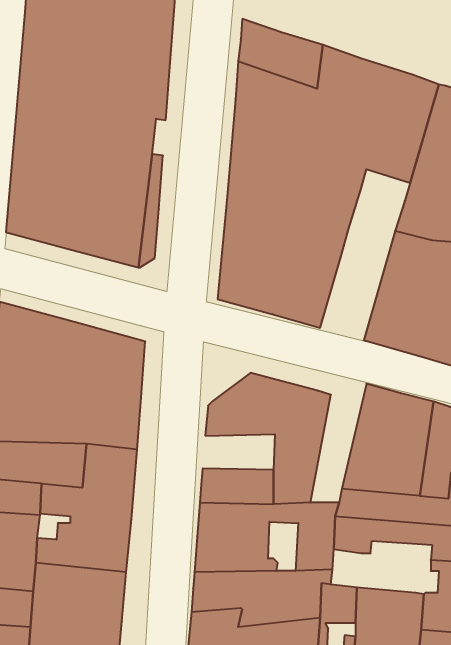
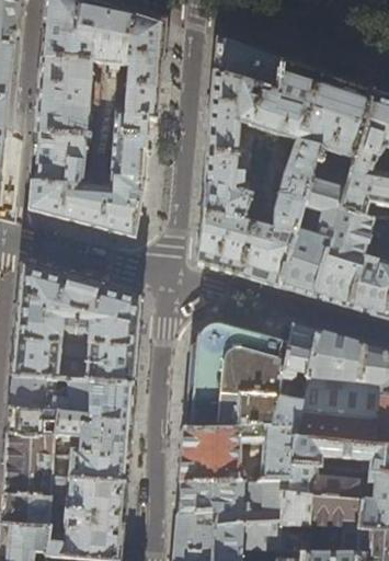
building: none -> [281,175,348,297]
building: none -> [273,324,318,427]
building: none -> [186,373,244,401]
building: none -> [289,465,358,500]

